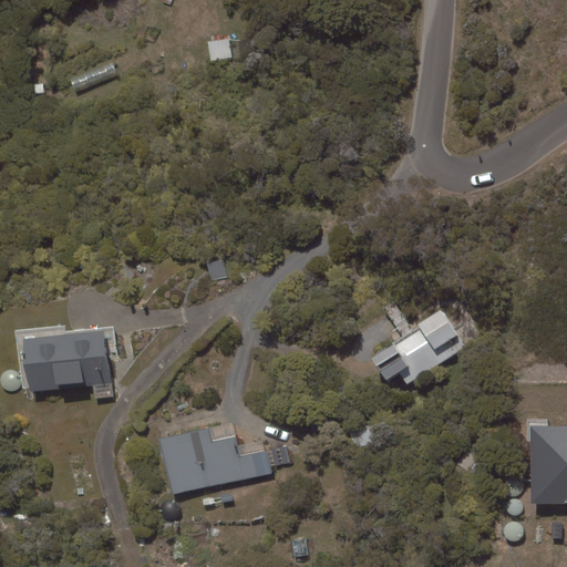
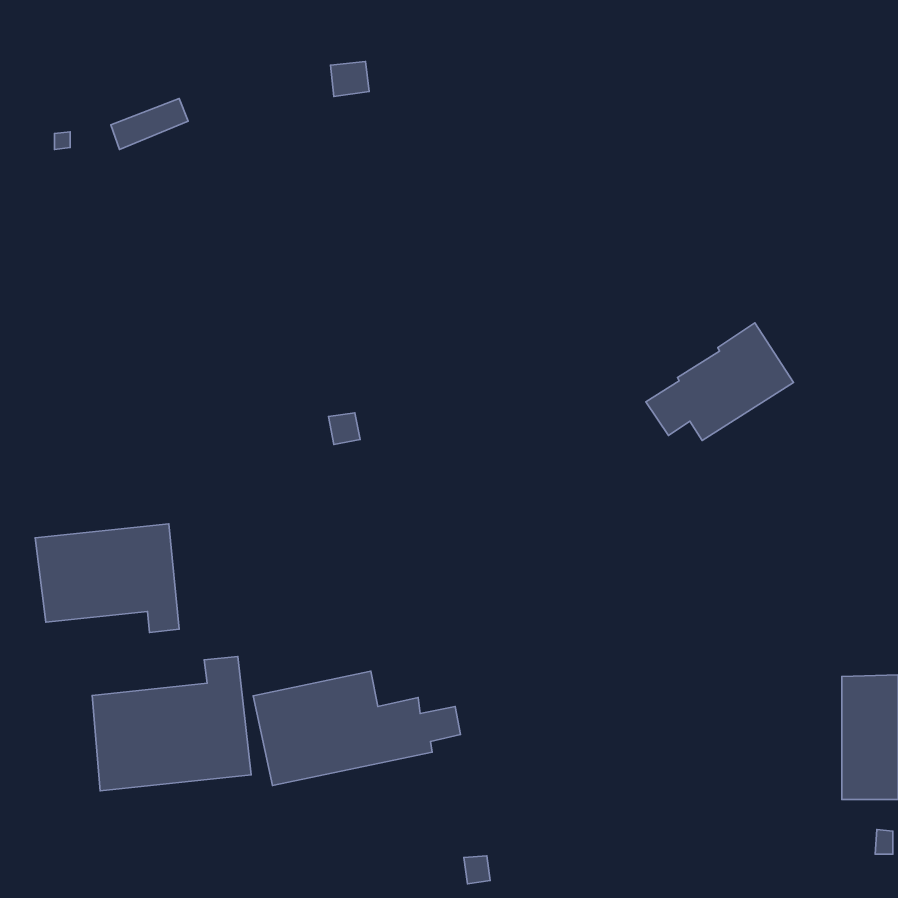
building: [372,309,465,383] -> [646,323,793,441]
building: none -> [92,657,251,791]

